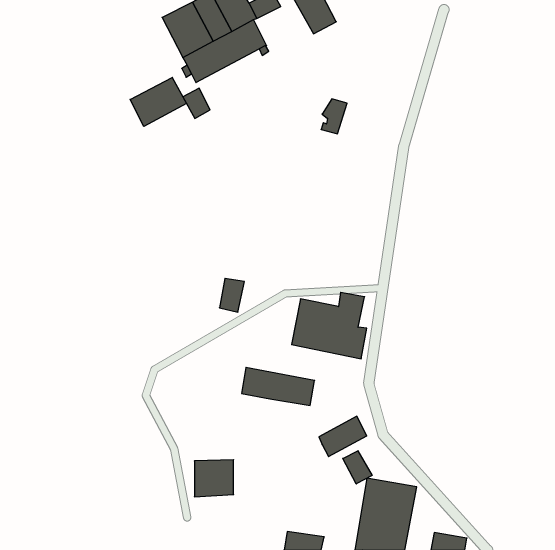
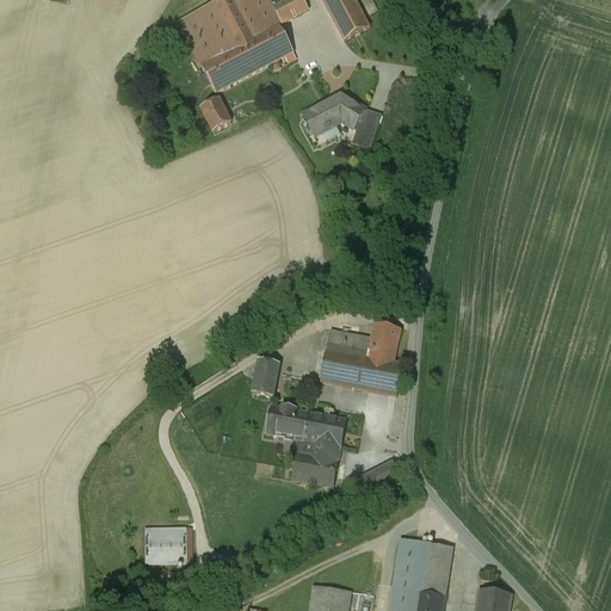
building: [130,77,187,126] -> none
building: none -> [303,91,365,134]
building: [219,278,244,312] -> [252,358,279,395]
building: none -> [291,438,340,485]
building: [343,451,372,484] -> none
building: [194,460,234,497] -> [143,524,186,564]

